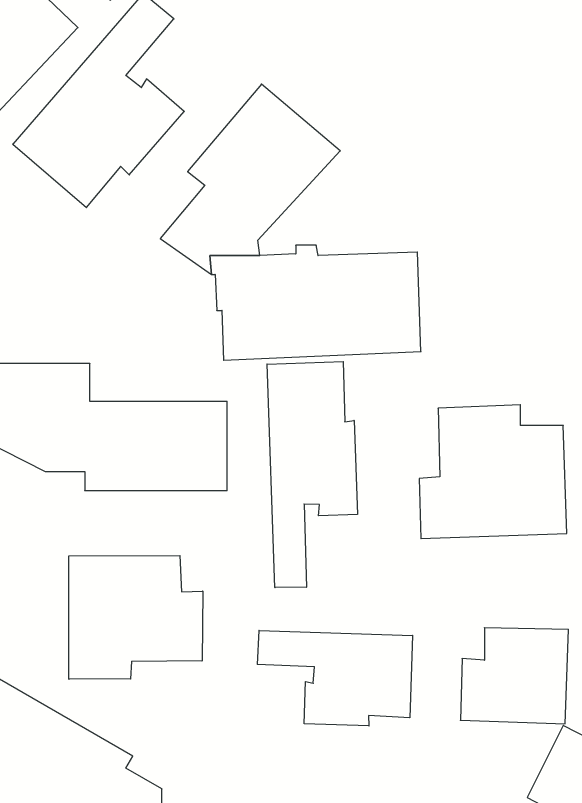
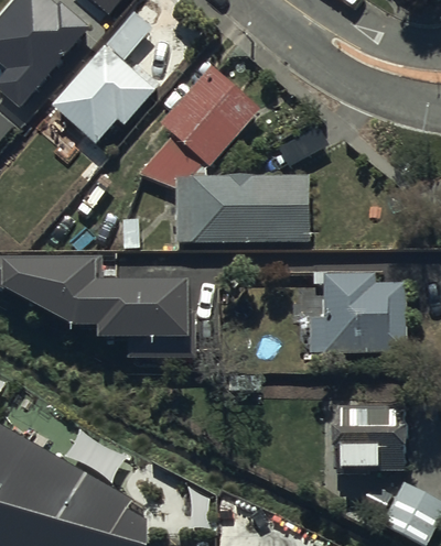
building: [267,362,357,588] -> none
building: [69,556,203,679] -> none
building: [257,630,413,726] -> none

